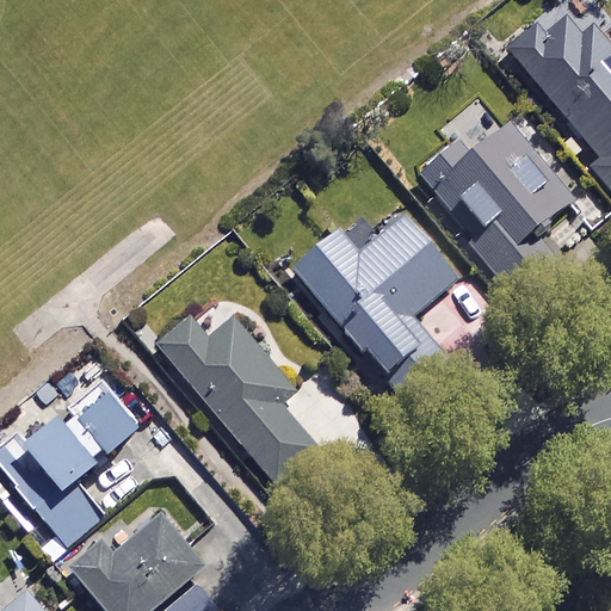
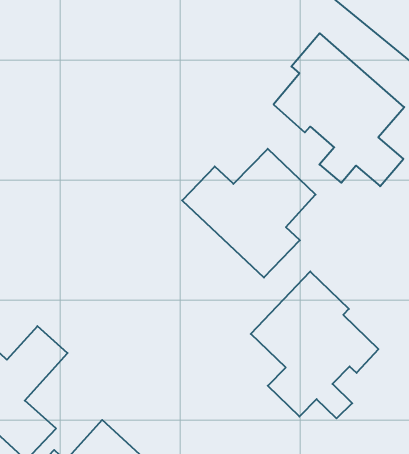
building: [160,319,313,477] -> none
building: none -> [251,271,378,418]

